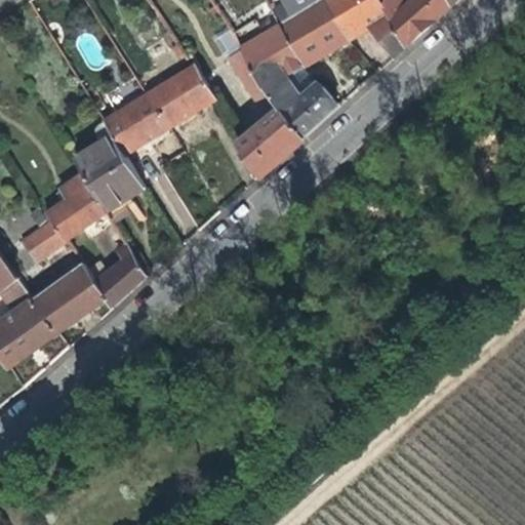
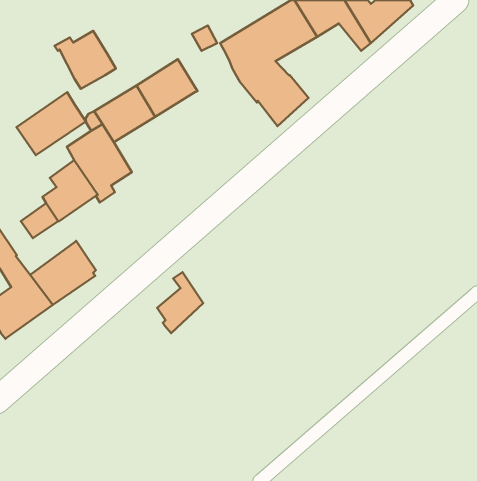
building: none -> [55,31,116,89]
building: [226,49,302,176] -> none
building: none -> [17,92,86,155]
building: [95,242,146,309] -> [157,272,203,333]

